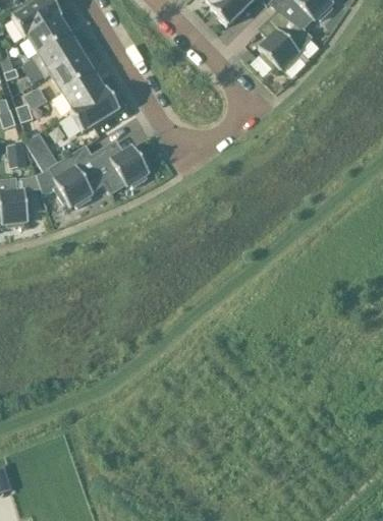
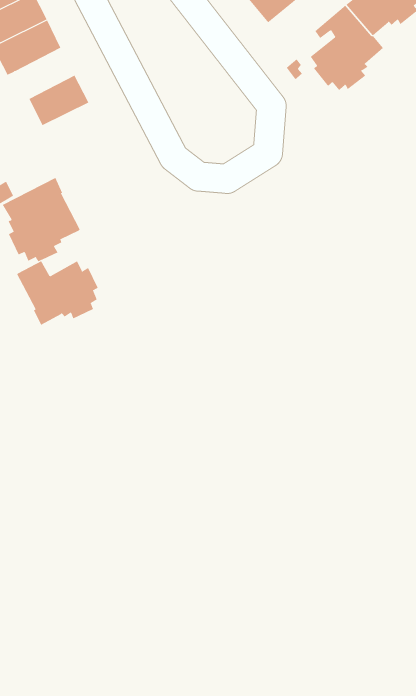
building: [51,53,94,91] -> none
building: [71,88,120,130] -> none
building: [91,143,150,191] -> [16,260,98,325]

